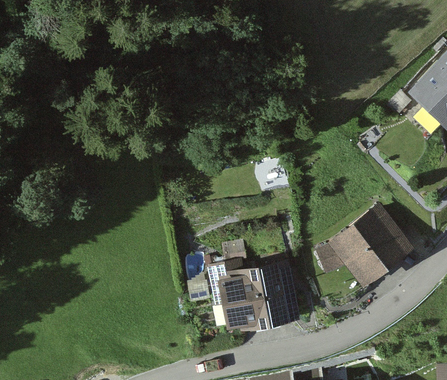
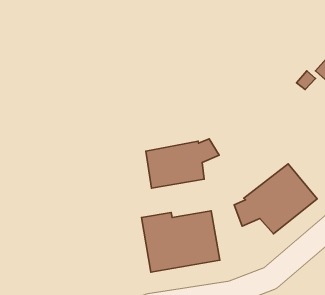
building: none -> [146,139,219,188]

